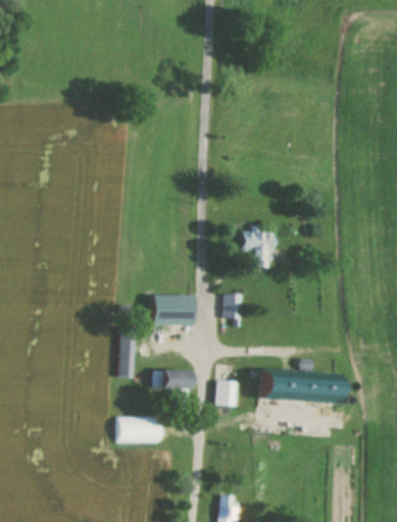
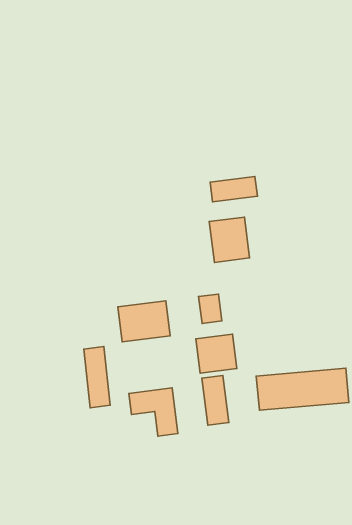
building: none -> [210,176,257,202]
building: none -> [196,334,237,373]
building: [116,416,162,442] -> none

